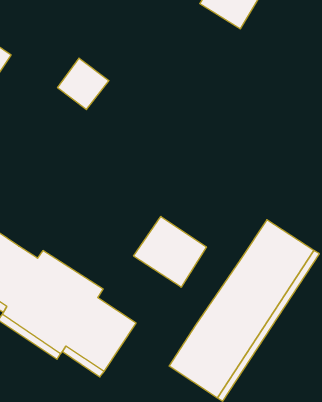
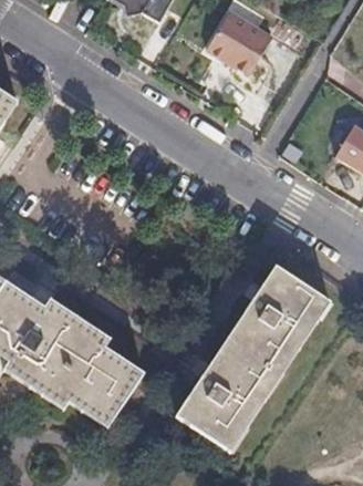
building: [58,58,109,110] -> none
building: [134,216,206,287] -> none

